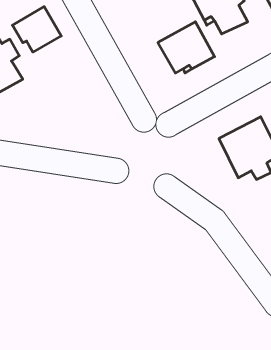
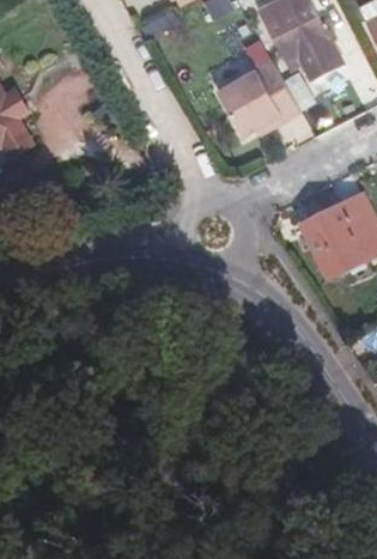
building: [12,7,61,52] -> none

